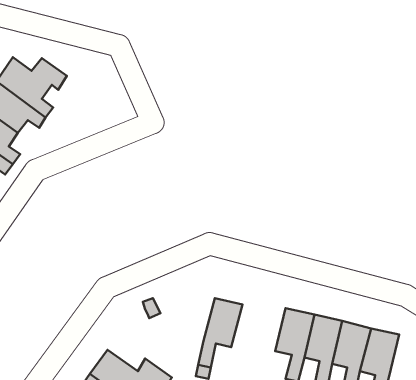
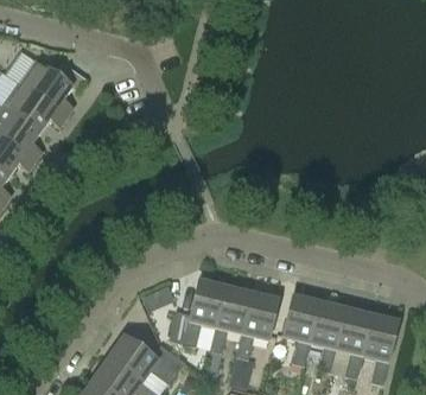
building: none -> [169,279,224,345]
building: none -> [235,292,278,357]

